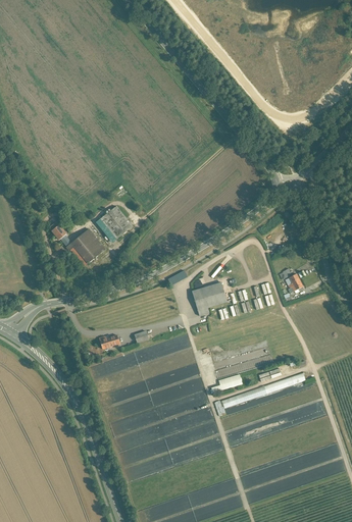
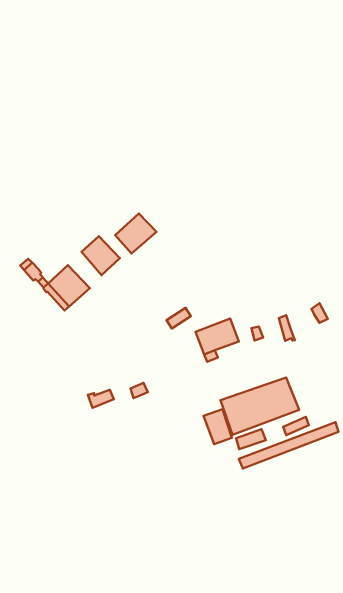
building: none -> [115,213,157,254]
building: none -> [203,409,232,444]

